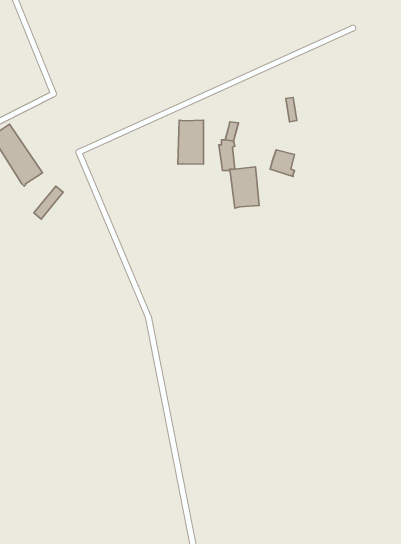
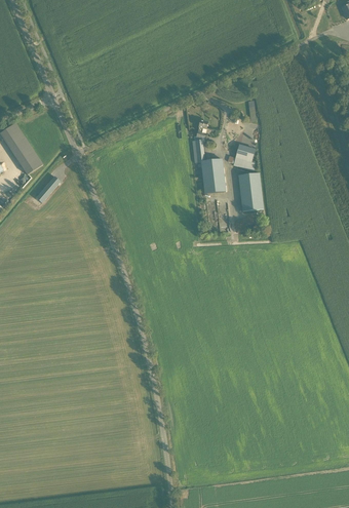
building: [178,120,203,164] -> none
building: none -> [237,173,263,211]

